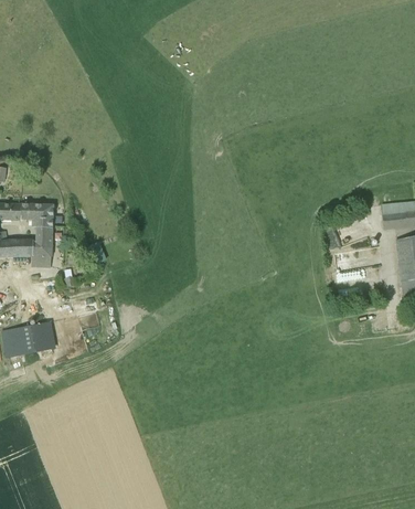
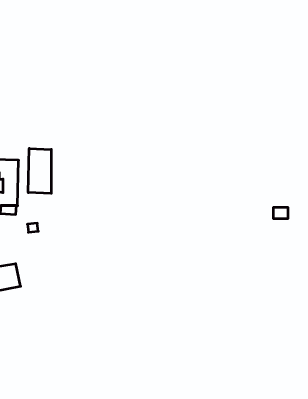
building: none -> [28,148,51,193]

